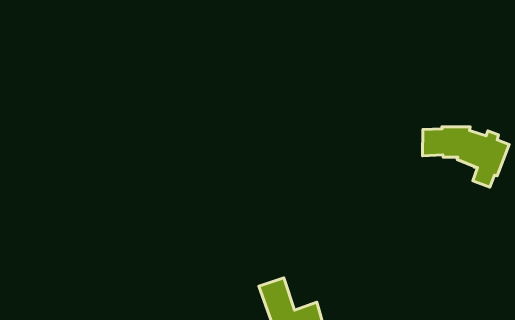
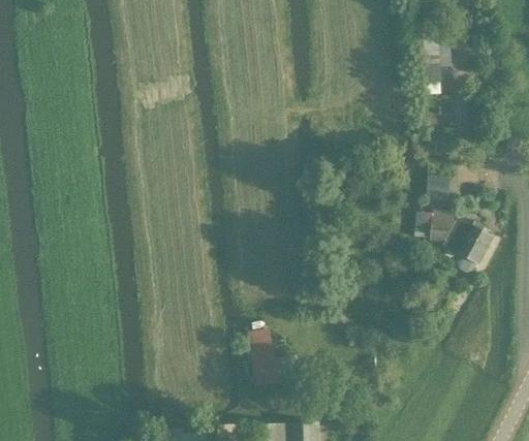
building: none -> [428,179,452,206]

